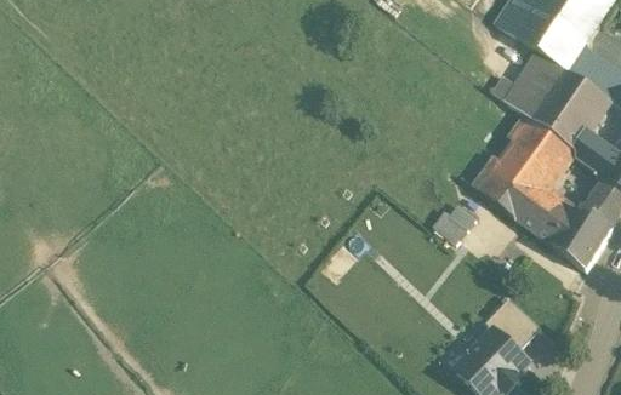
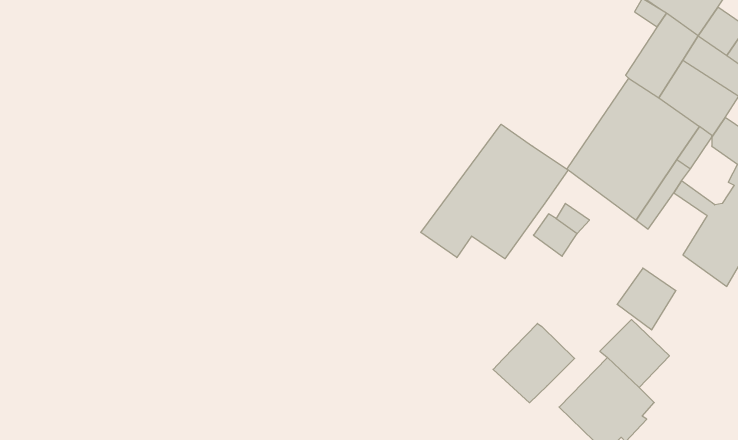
building: none -> [421,124,568,259]
building: [526,194,574,244] -> [617,268,676,330]
building: none -> [493,323,575,403]

